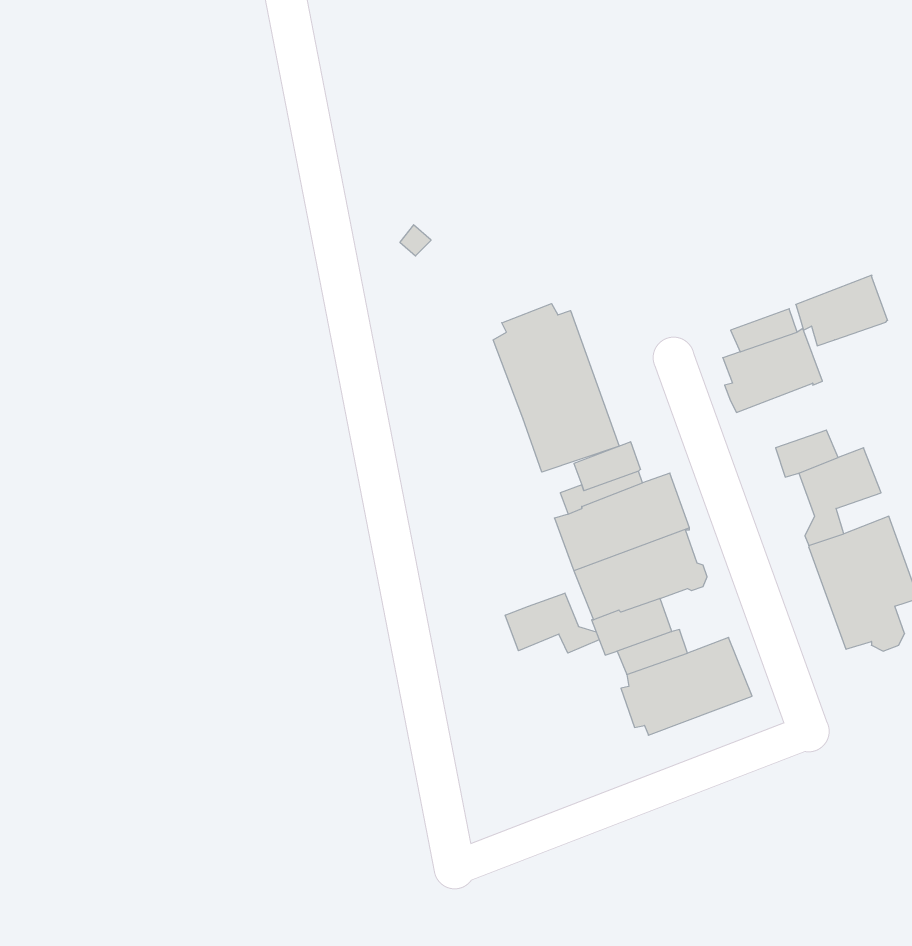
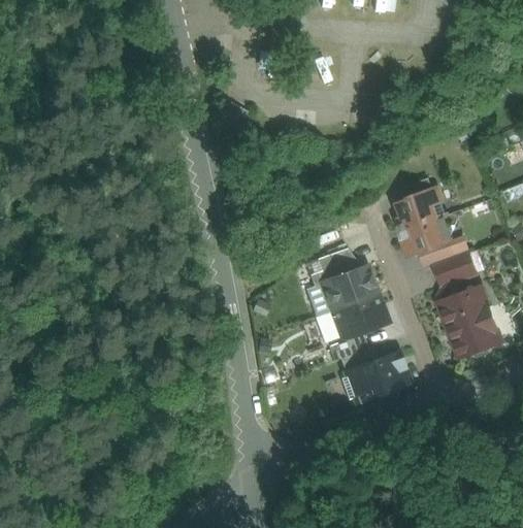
building: [796,275,888,346] -> [402,218,451,255]
building: [493,304,619,472] -> none
building: [505,593,599,653] -> none

